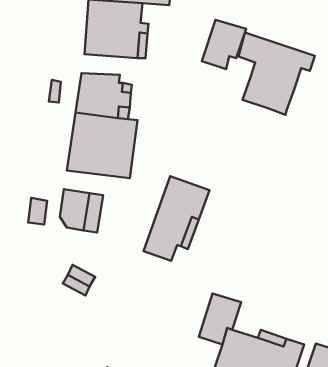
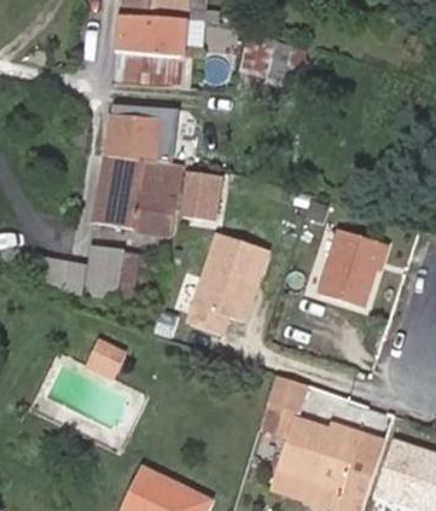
building: [239,33,315,115] -> none
building: none -> [181,173,219,221]
building: none -> [318,231,379,308]

